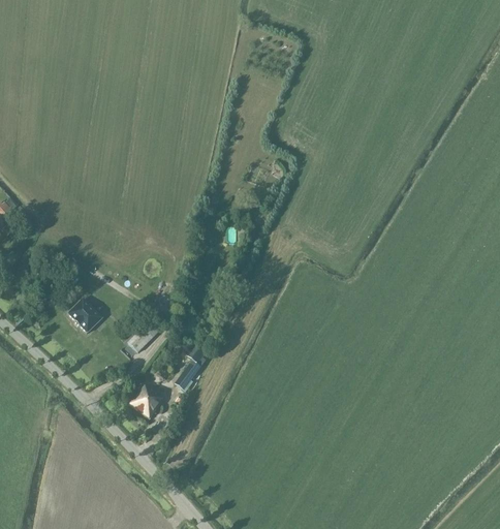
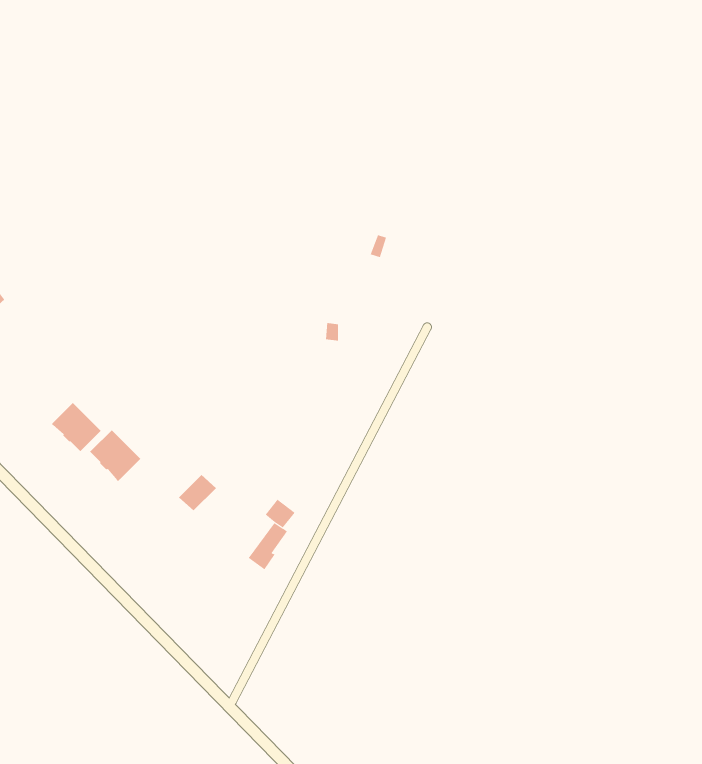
building: none -> [51,402,101,453]
building: [127,381,164,418] -> none

